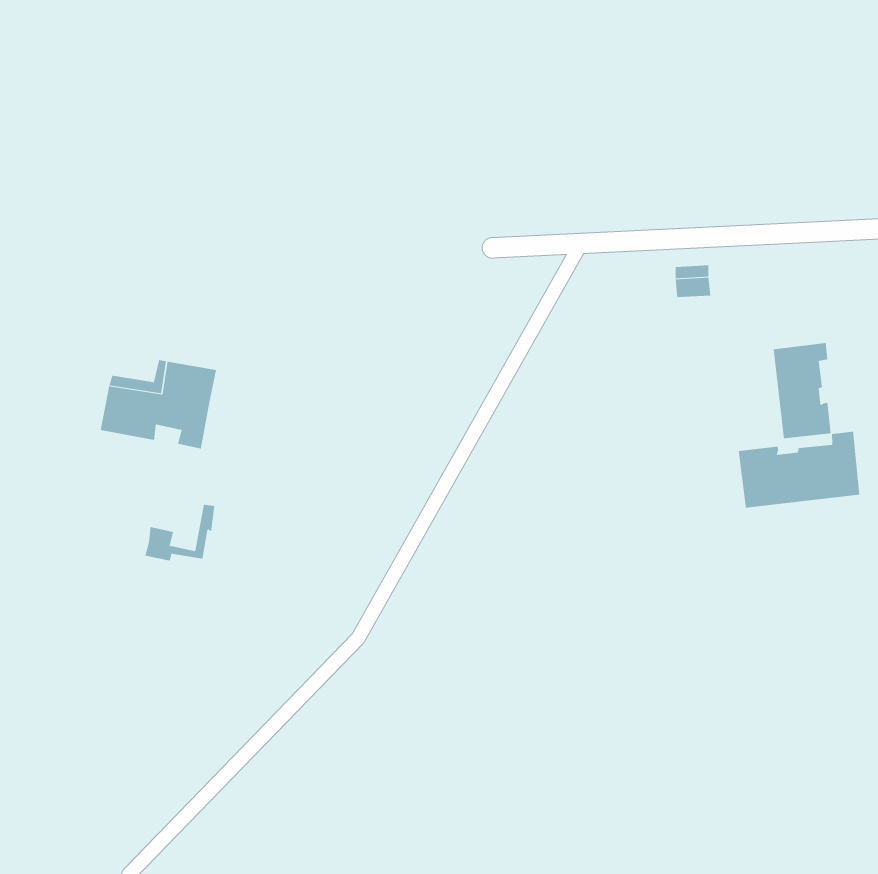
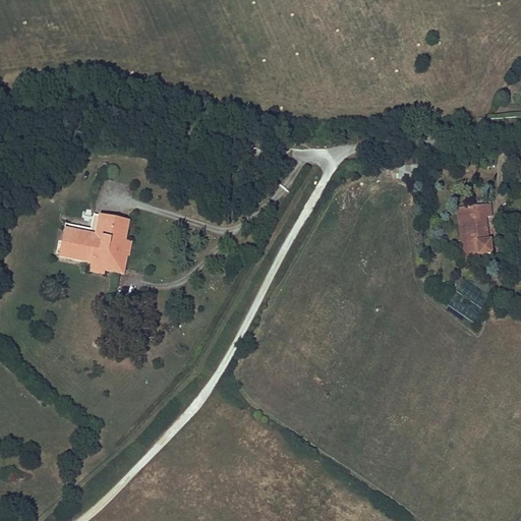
building: [738,431,860,508] -> none
building: [145,504,215,561] -> [91,238,132,272]

